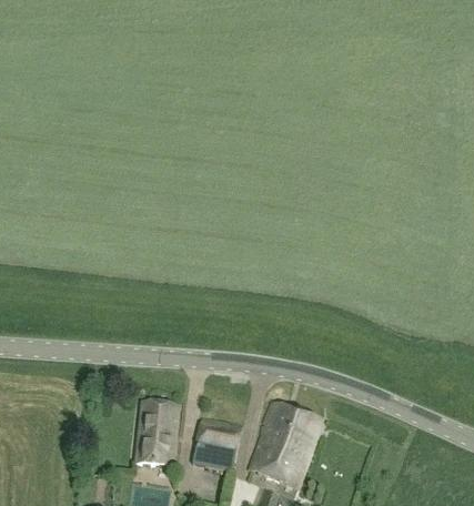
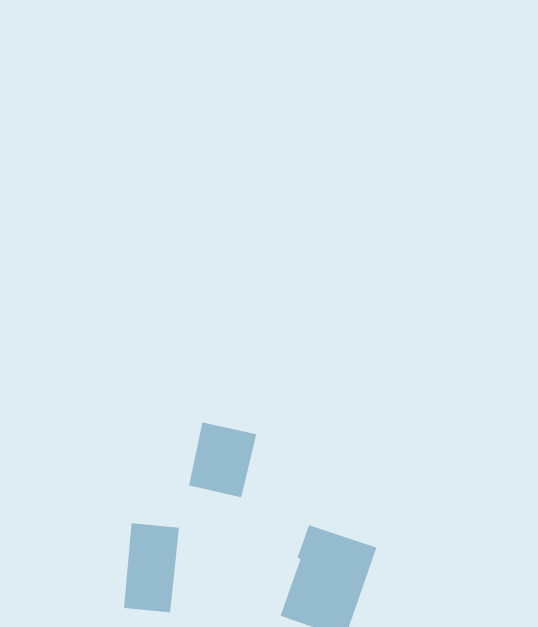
building: [192,417,242,473] -> [188,421,257,498]

